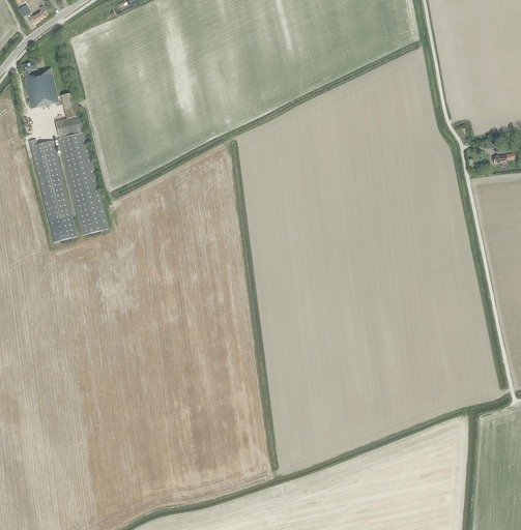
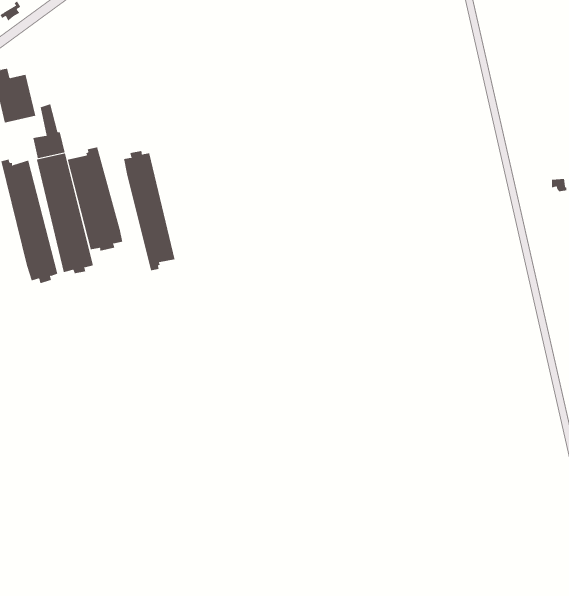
building: none -> [67,146,123,251]
building: none -> [124,150,175,271]

